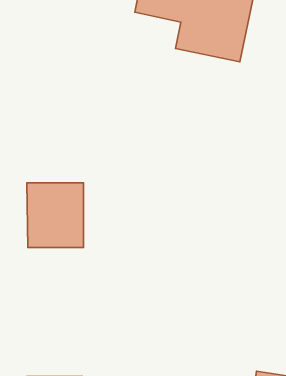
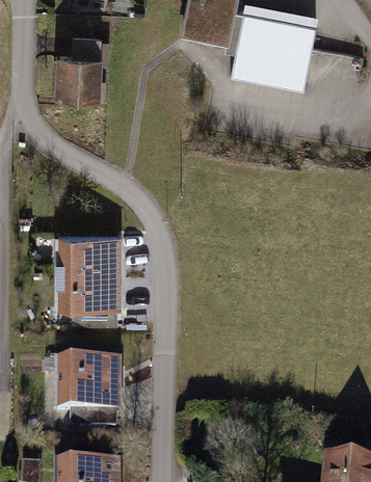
building: none -> [58,53,106,101]
building: none -> [59,358,121,411]

